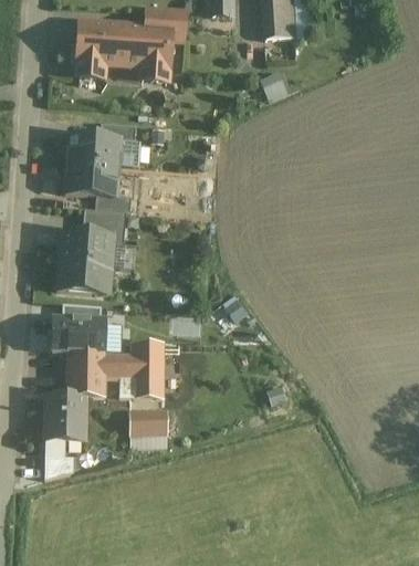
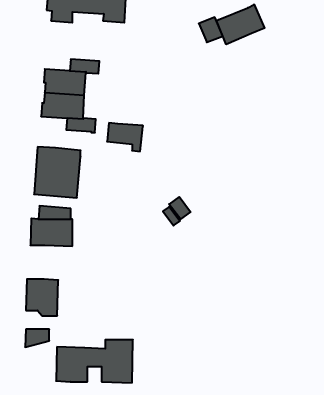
building: none -> [217,4,265,44]
building: [82,208,126,243] -> [107,123,143,151]
building: [67,343,163,396] -> [56,340,133,383]
building: [133,409,172,432] -> none

